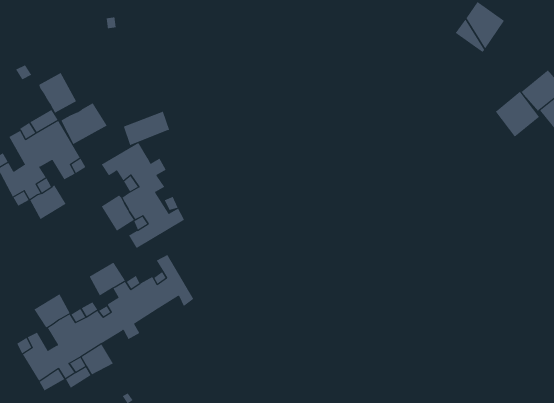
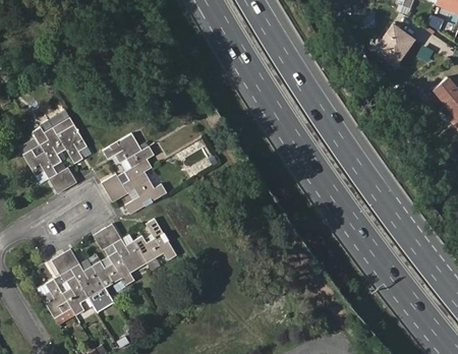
building: [39,72,77,114] -> none
building: [495,91,540,137] -> none
building: [61,103,107,145] -> none
building: [123,111,170,146] -> none

